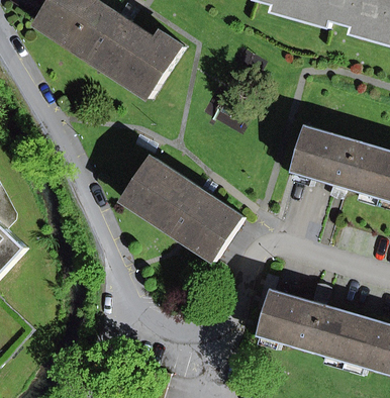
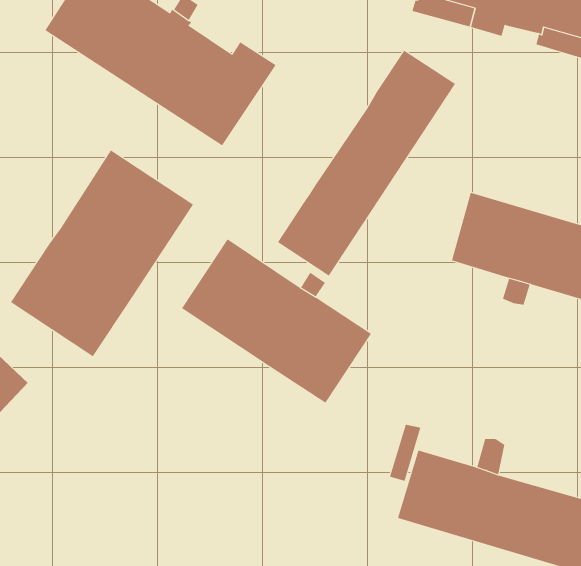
building: none -> [277,50,456,276]
building: none -> [10,150,194,357]

